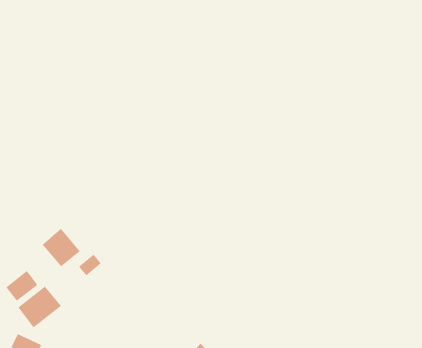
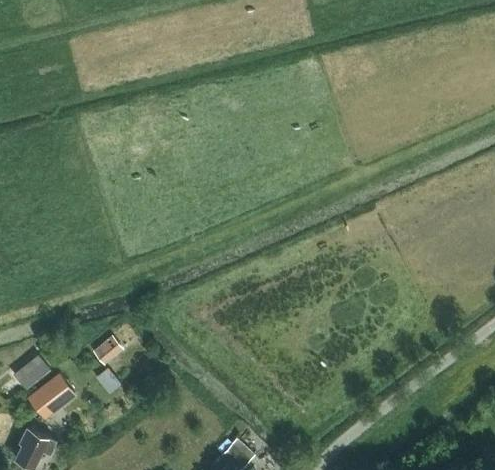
building: [42,228,81,267] -> none

